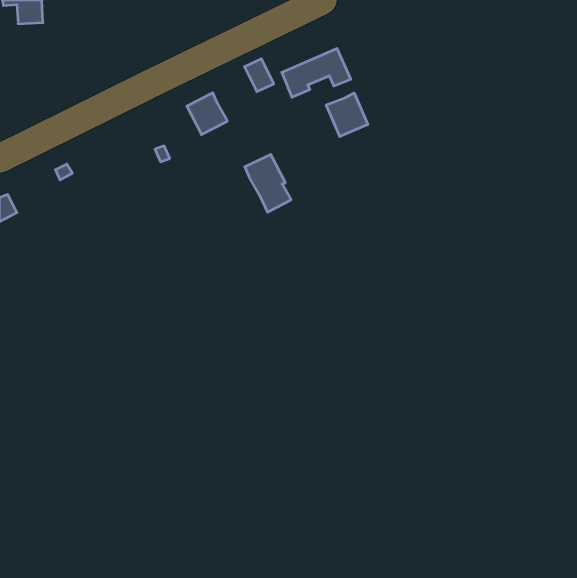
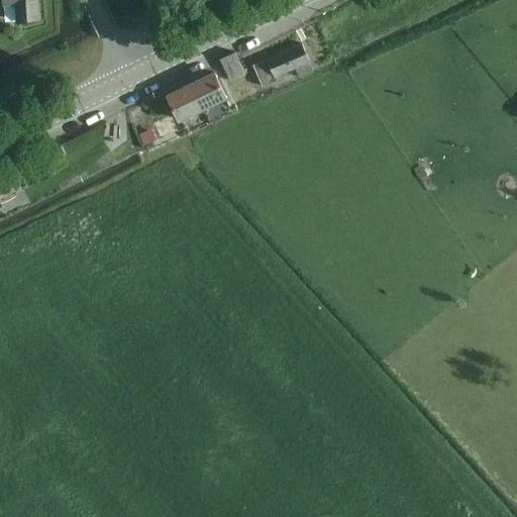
building: [326,93,368,137] -> none
building: [245,154,291,212] -> [190,72,231,123]

